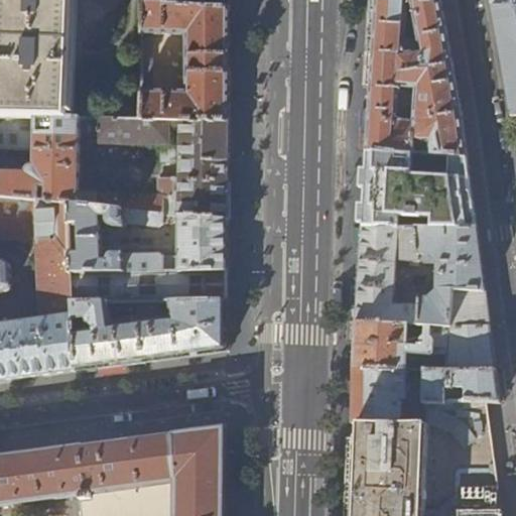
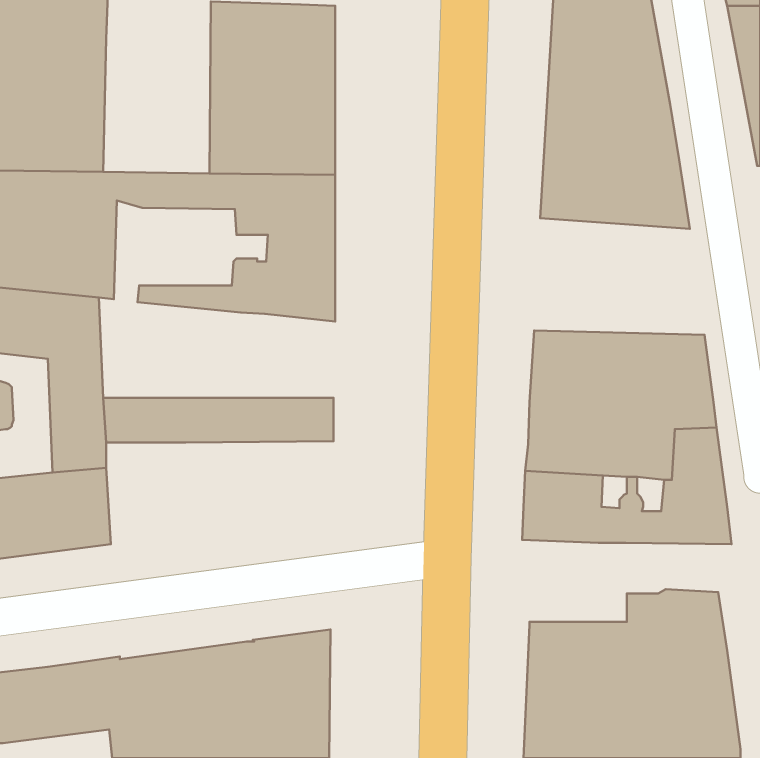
building: [360,147,475,226] -> none
building: [67,201,226,268] -> none
building: [72,297,225,367] -> none
building: [350,364,406,419] -> none
building: [421,366,498,400] -> none

